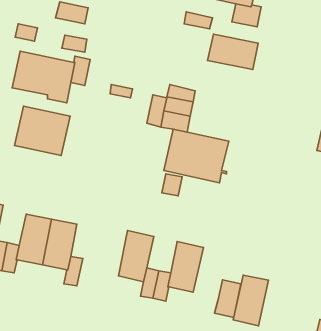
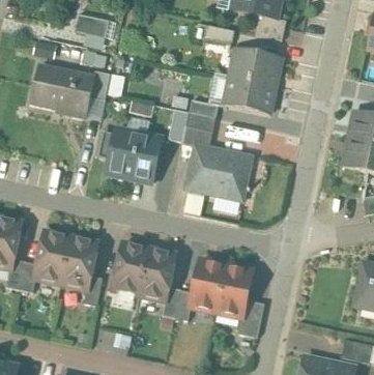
building: none -> [224,74,277,113]
building: [15,106,70,156] -> [105,129,162,180]
building: none -> [113,242,148,294]
building: [233,275,269,326] -> [215,265,252,317]

